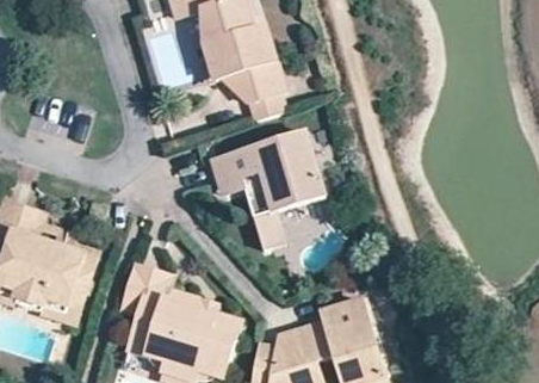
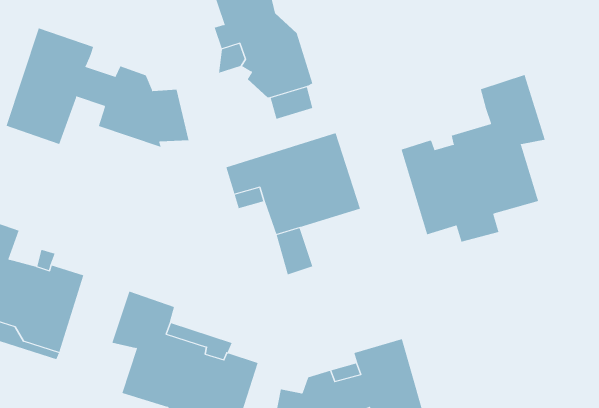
building: none -> [6,28,189,148]
building: none -> [401,74,545,243]

